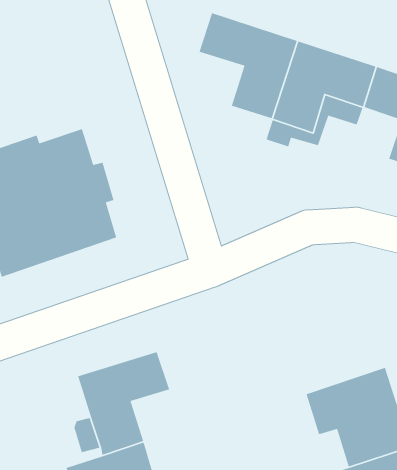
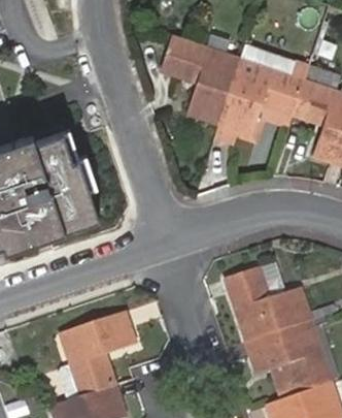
building: none -> [225,268,310,343]

